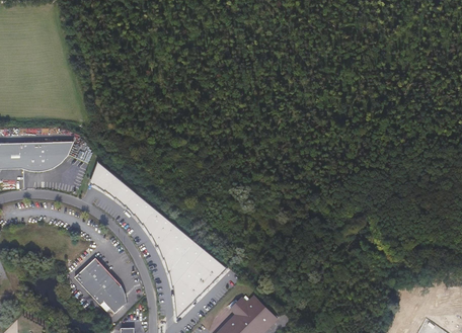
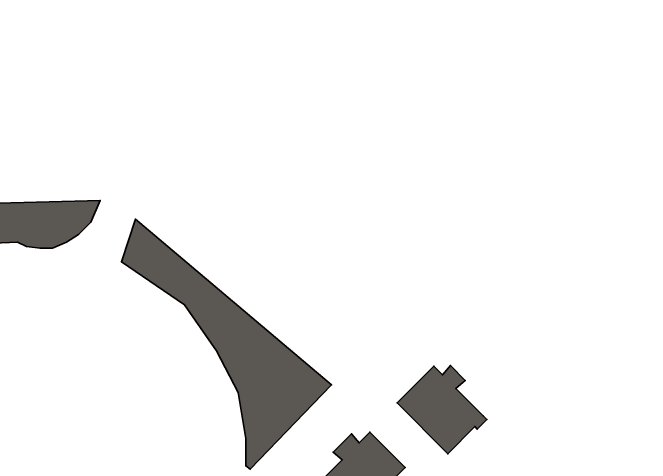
building: none -> [397,366,487,454]
building: [74,258,126,314] -> none

